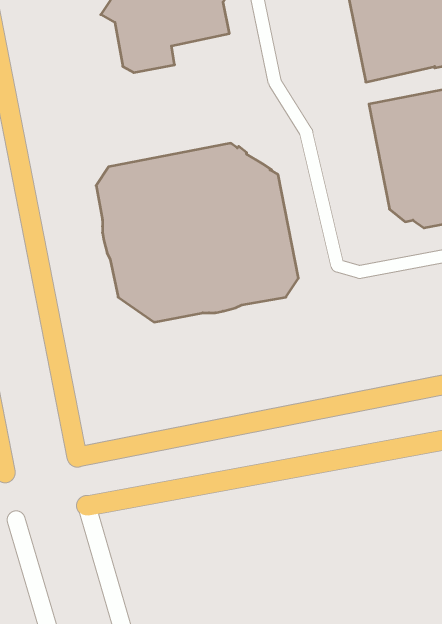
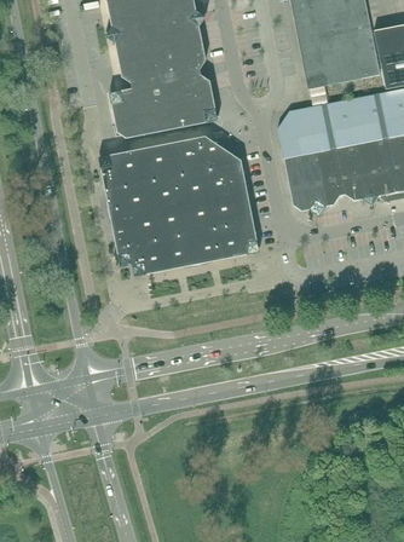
building: none -> [109,50,218,137]
building: none -> [277,104,339,209]

